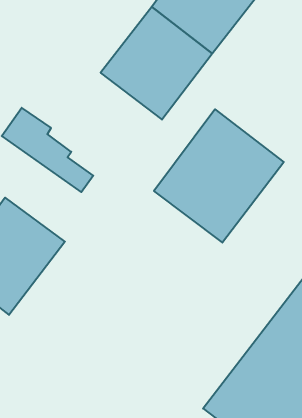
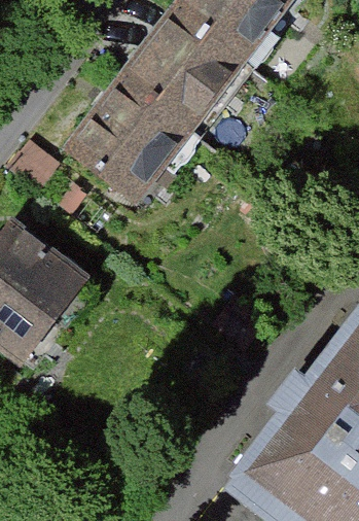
building: none -> [70,89,187,205]
building: [154,109,284,243] -> none

